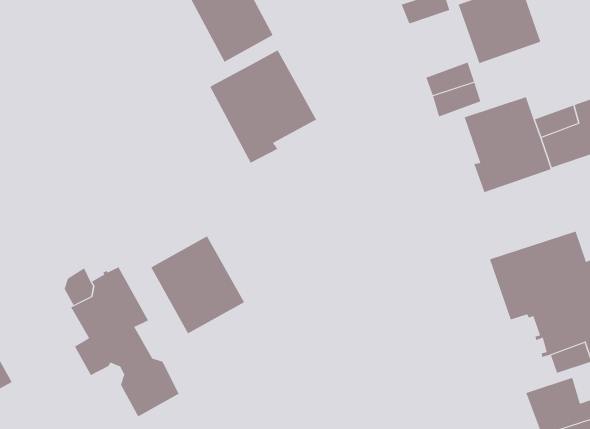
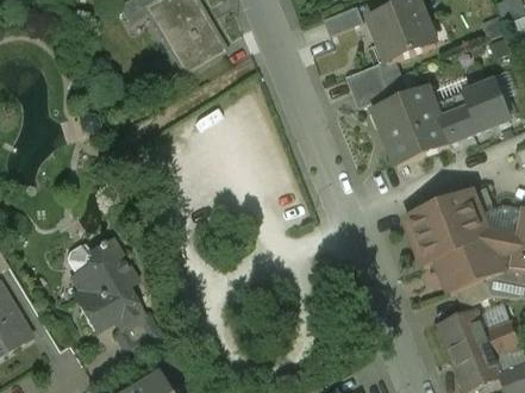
building: [210,50,317,164] -> none
building: [150,236,245,334] -> none

